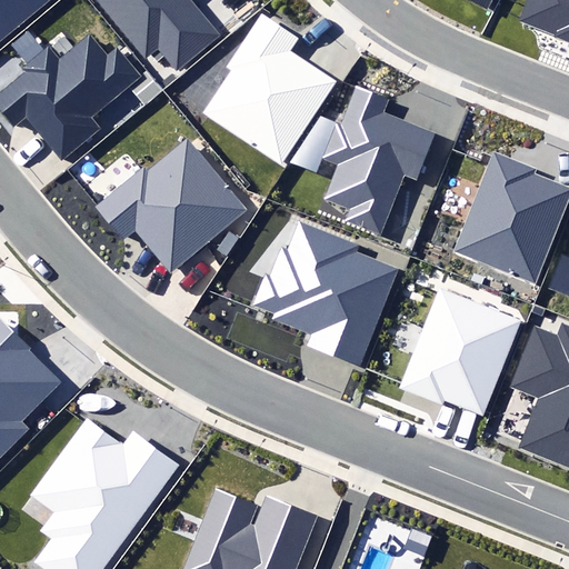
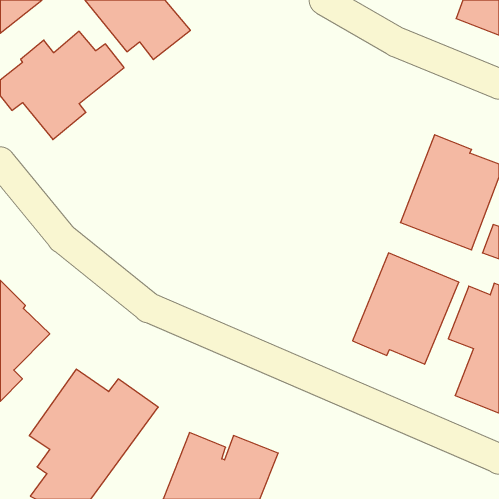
building: [202,13,337,164] -> none
building: [323,90,437,239] -> none
building: [96,139,244,268] -> none
building: [257,220,400,368] -> none

